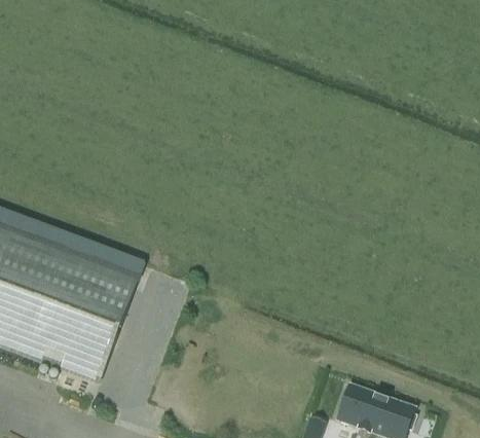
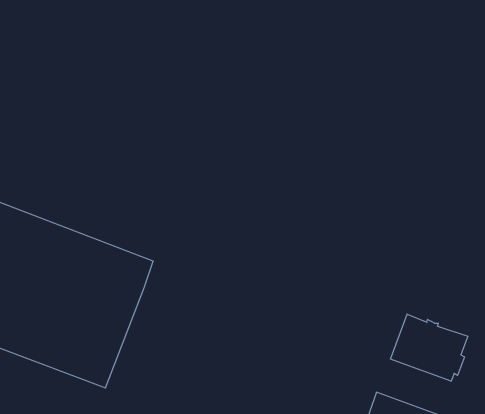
building: none -> [390,314,468,381]

